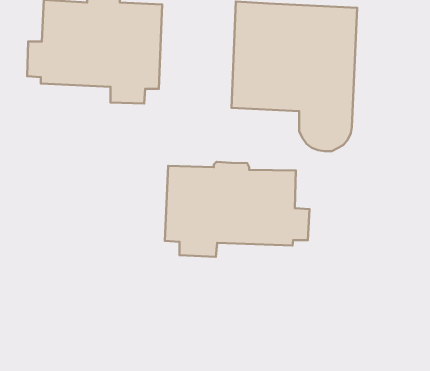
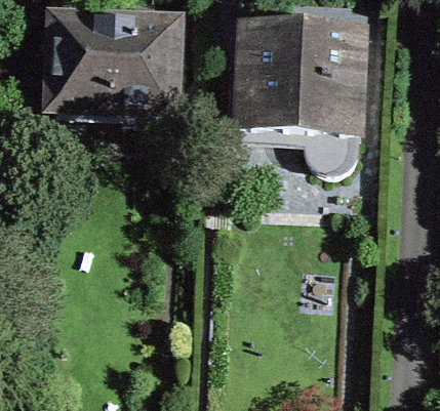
building: [165,162,310,257] -> none

